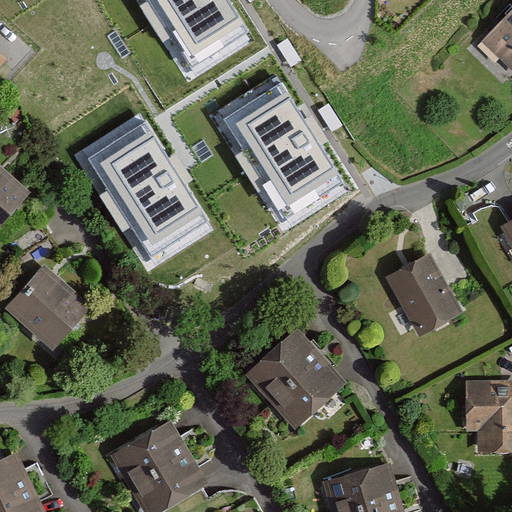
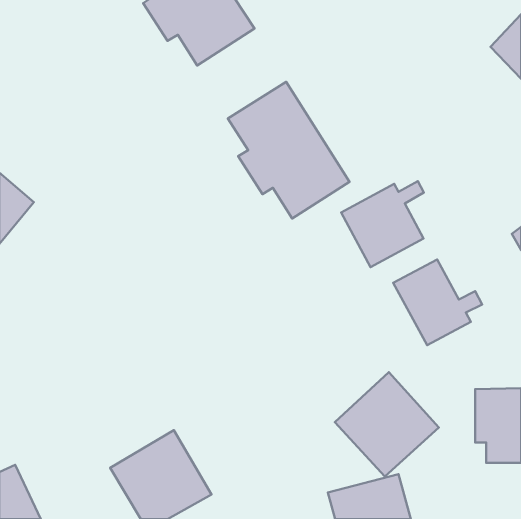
building: [87,119,206,253] -> none
building: none -> [341,181,424,267]
building: [8,260,96,348] -> none
building: [242,333,344,435] -> [335,372,439,476]

